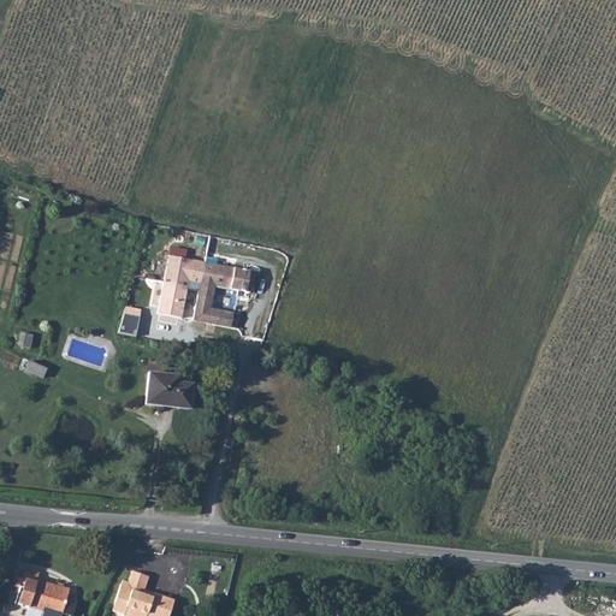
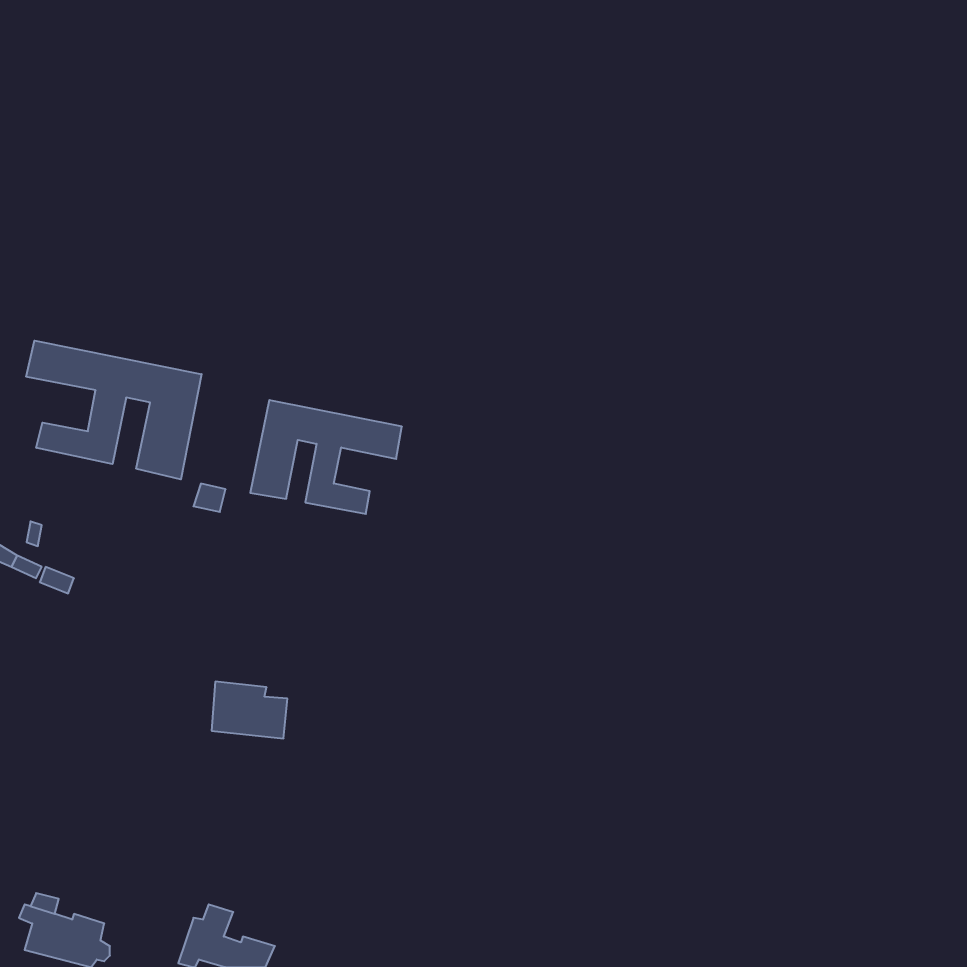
building: none -> [26,341,202,479]
building: [144,372,192,408] -> [212,682,287,738]

